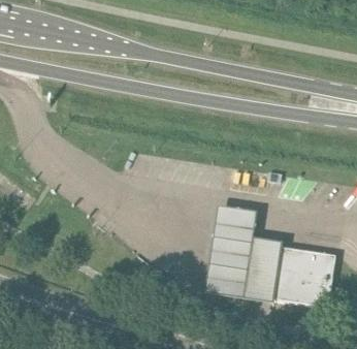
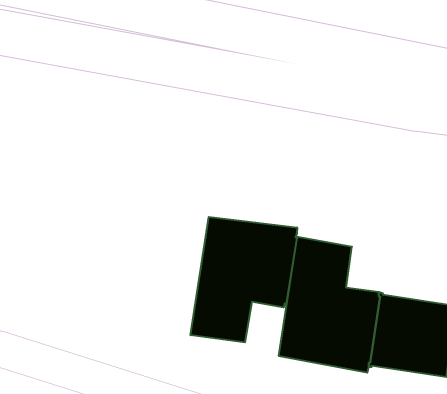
building: none -> [191,217,297,342]

